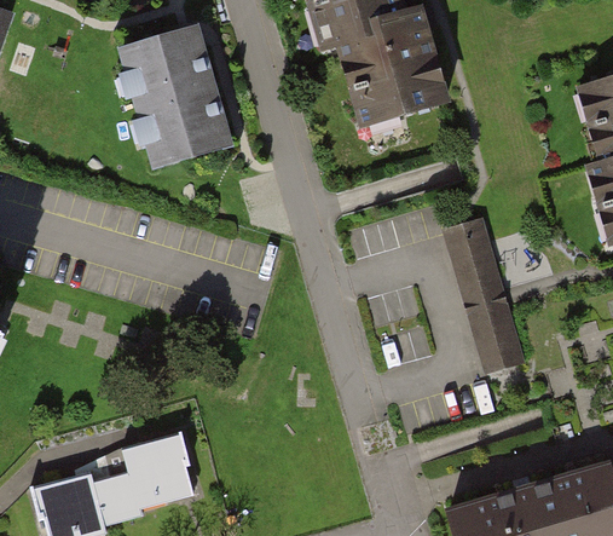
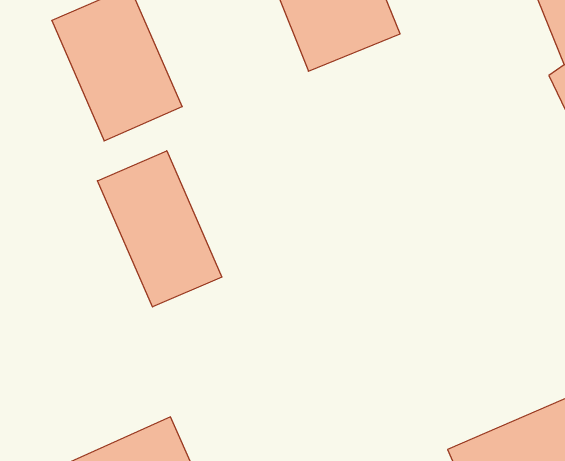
building: none -> [97,151,222,307]
building: [452,223,525,368] -> none

